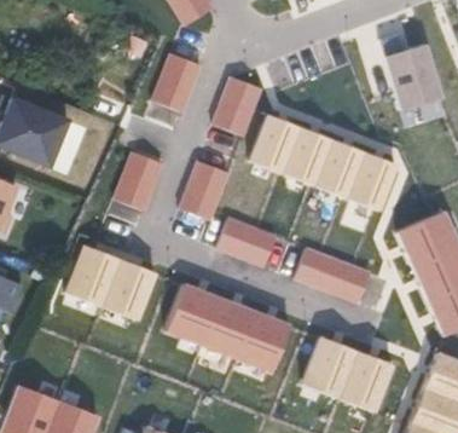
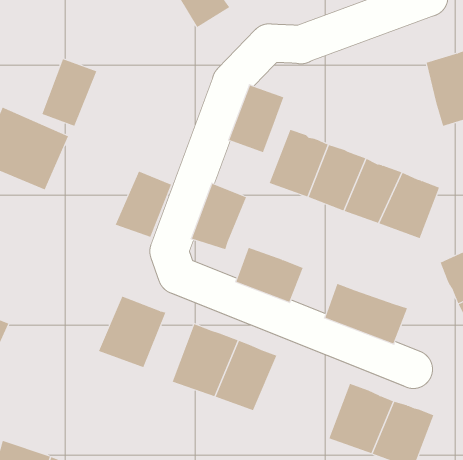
building: [153,53,202,112] -> [41,59,97,127]
building: [63,244,120,308] -> none
building: [234,312,291,375] -> none

